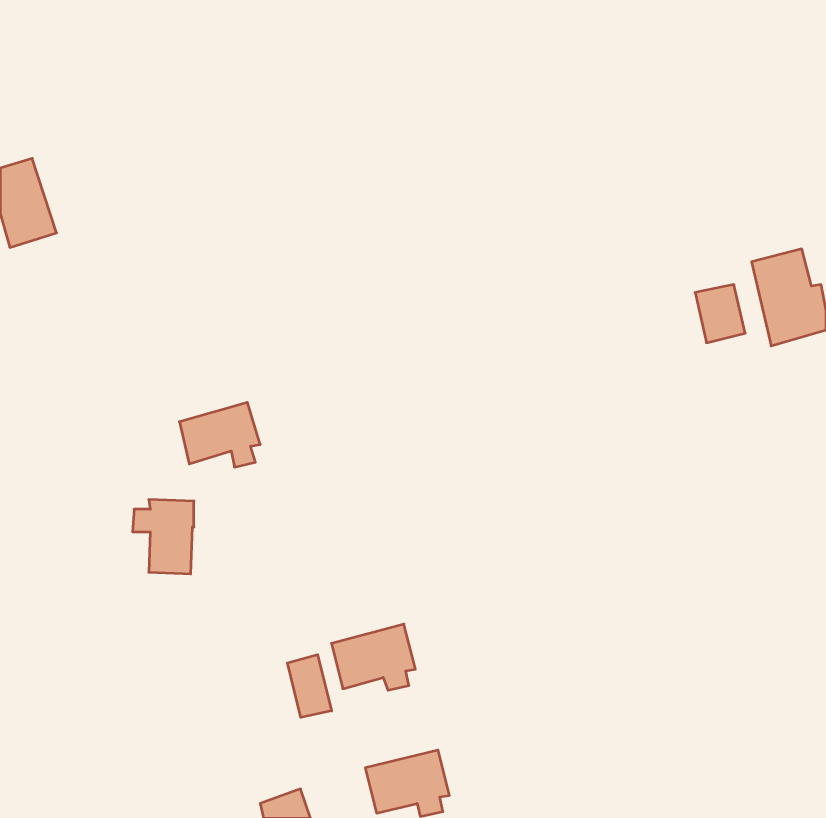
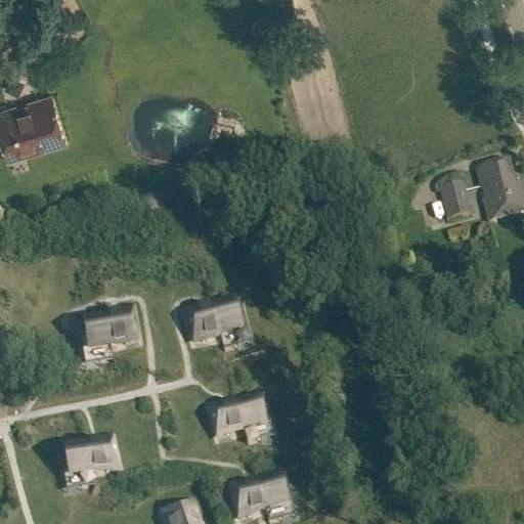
building: none -> [20,92,64,147]
building: [179,402,260,467] -> [187,303,238,344]
building: [287,655,332,717] -> none
building: none -> [66,435,118,482]

